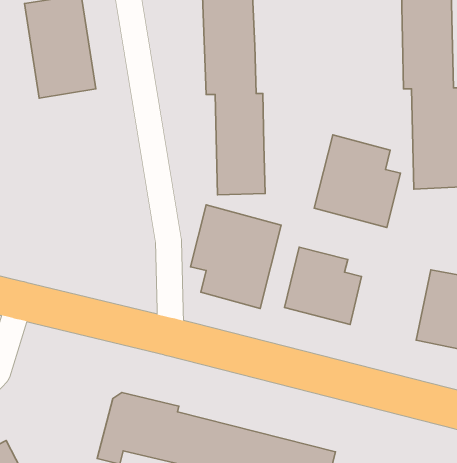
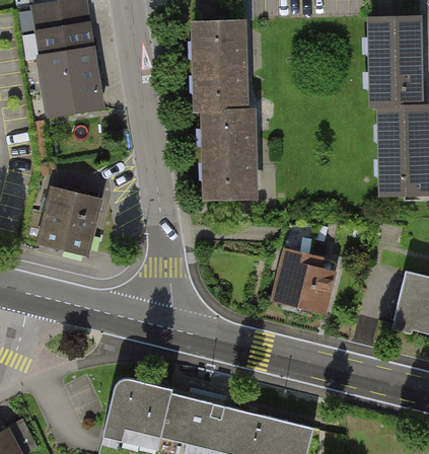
building: [314,135,401,228] -> none
building: none -> [33,186,100,254]
building: [190,205,281,309] -> none

